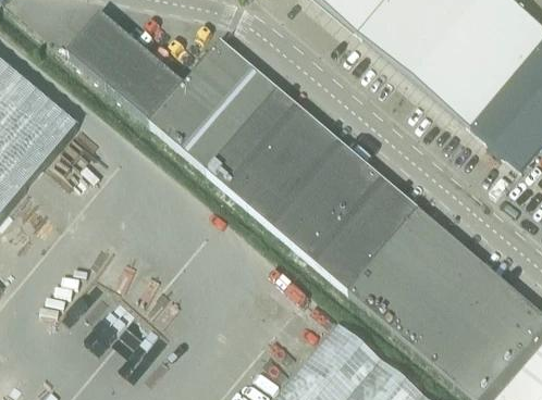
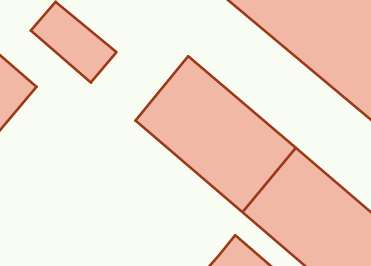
building: [150,37,278,171] -> none

